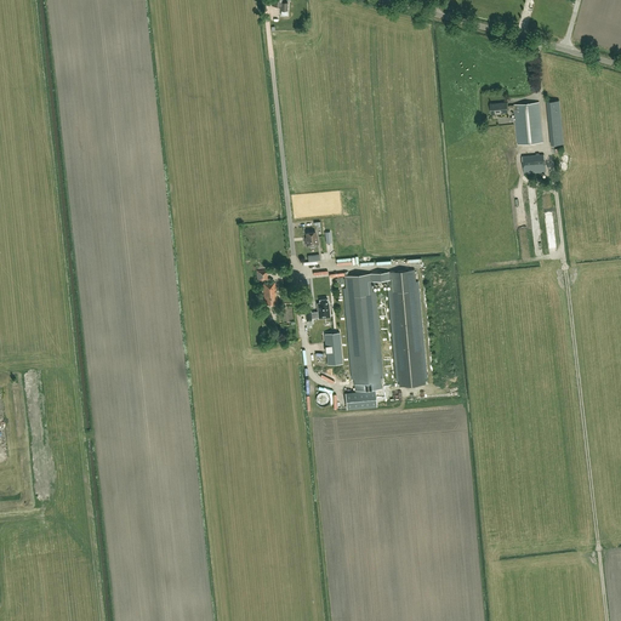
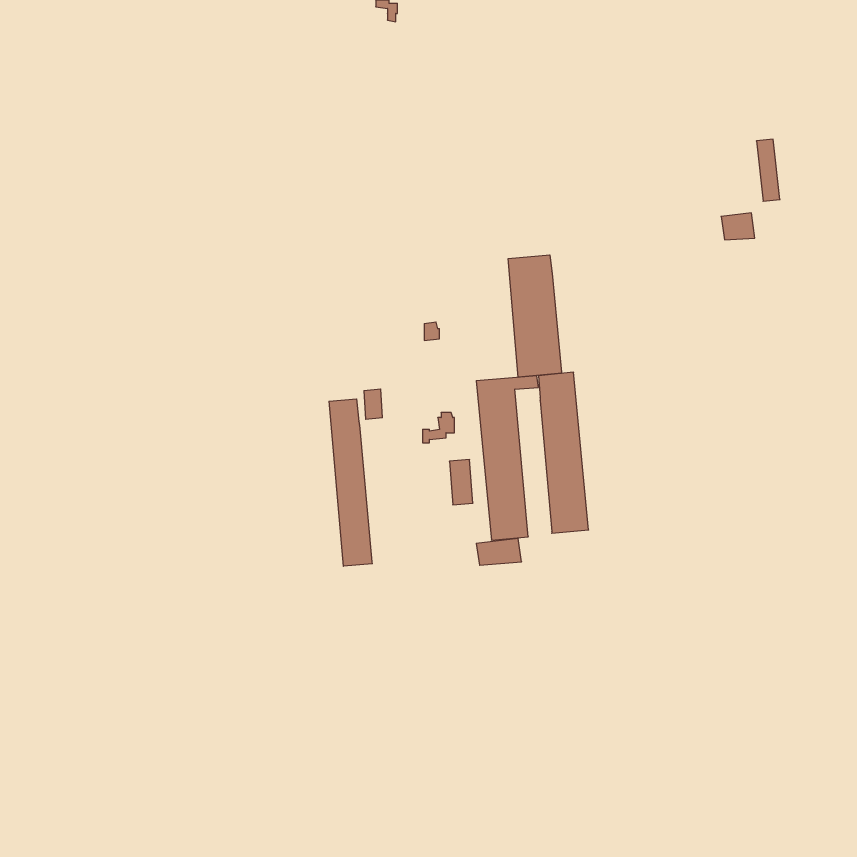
building: [490,103,543,146] -> none
building: none -> [508,255,562,377]
building: none -> [329,399,372,566]

